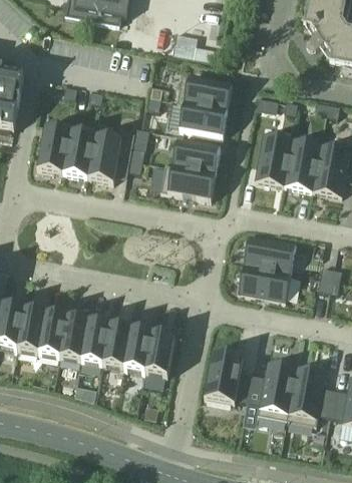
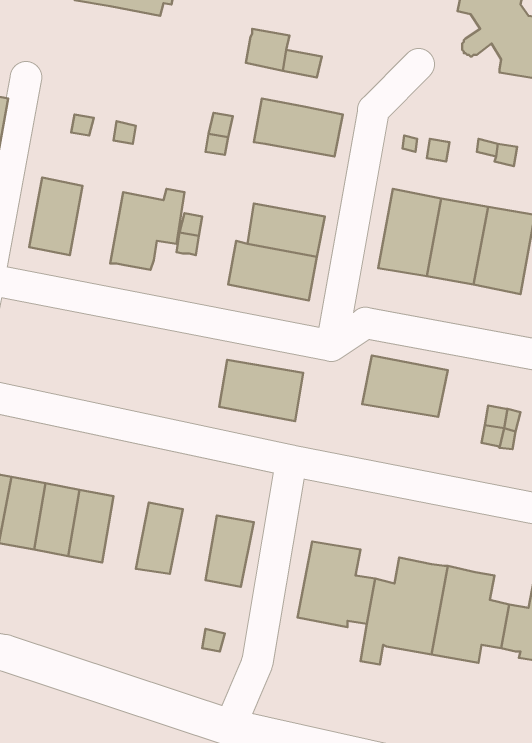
building: [181,99,228,132] -> none
building: [63,125,96,173] -> none
building: [240,261,292,299] -> [219,360,303,421]
building: [83,318,112,363] -> none
building: [125,326,154,370] -> none

